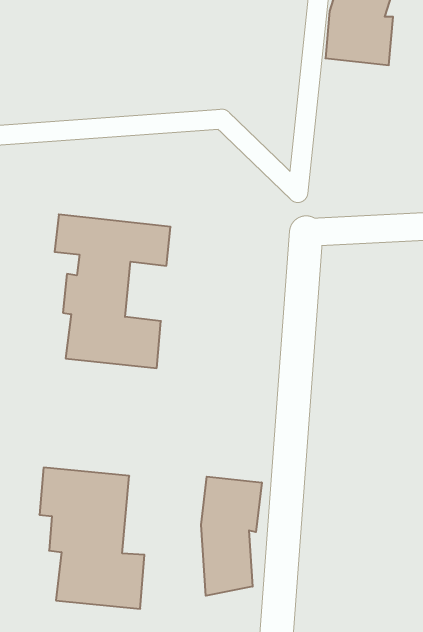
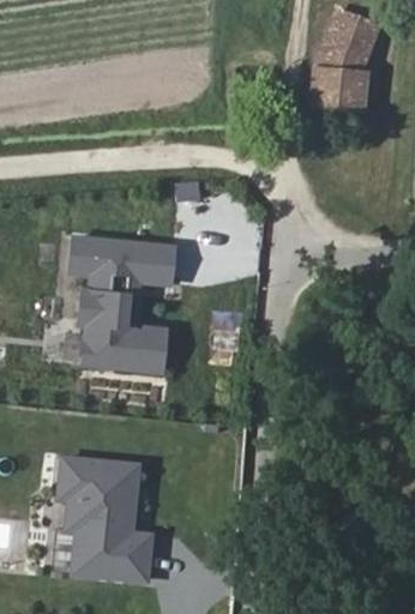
building: [201,477,262,596] -> none

